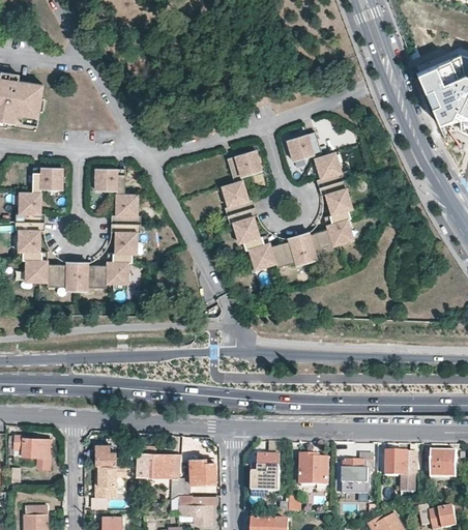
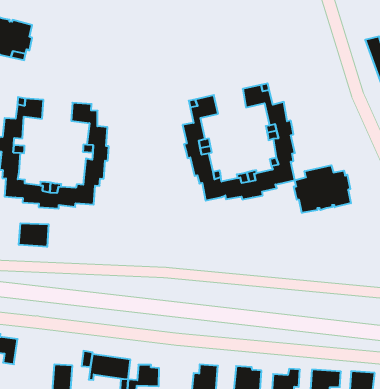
building: none -> [294,165,351,213]
building: none -> [19,223,49,247]
building: [95,445,116,467] -> none

